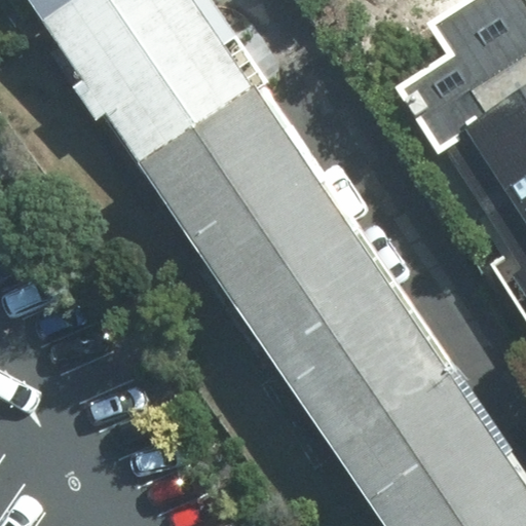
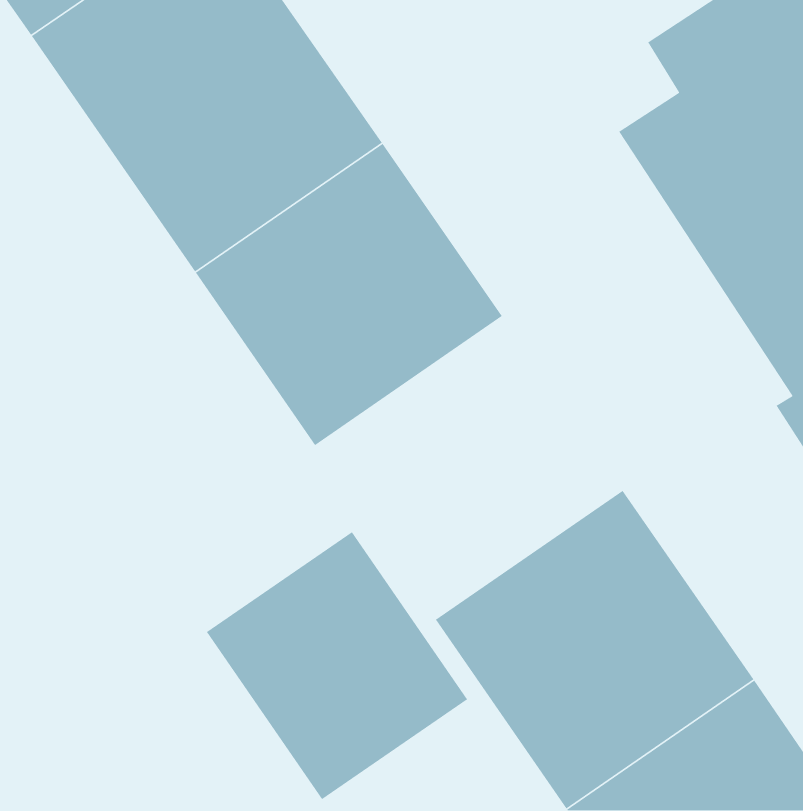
building: [216,200,411,392] -> none
building: none -> [206,531,468,800]

